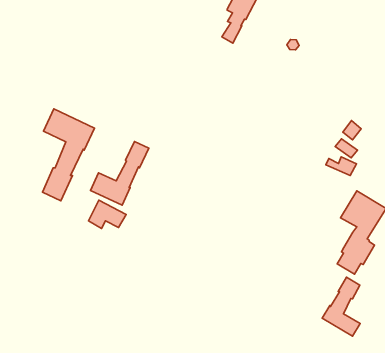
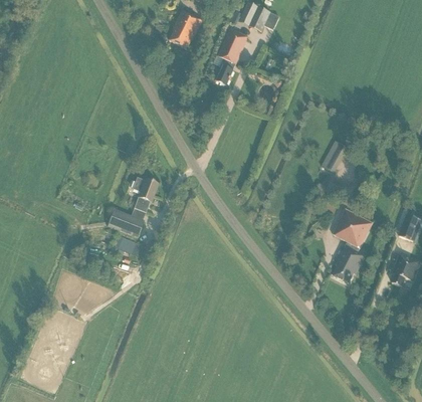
building: [42,109,95,201] -> none
building: [322,277,360,336] -> none

